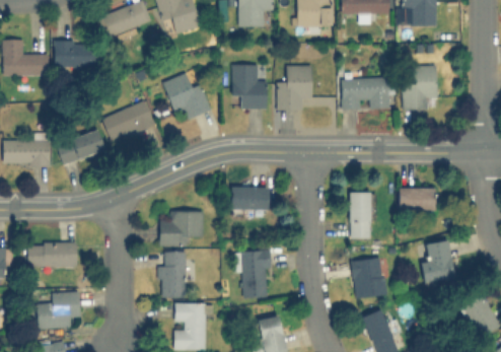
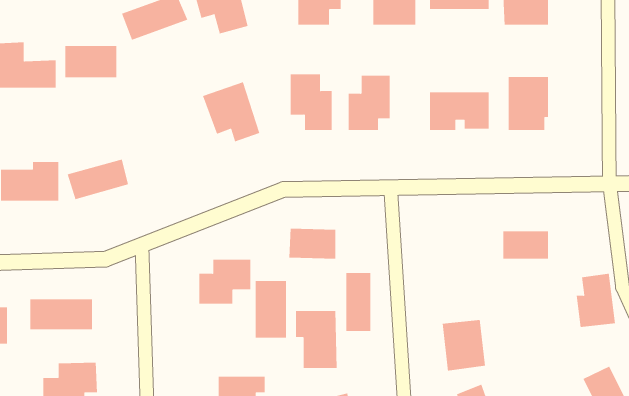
building: [102,100,155,141] -> none
building: [351,193,371,239] -> [346,272,371,332]
building: [423,241,454,284] -> [576,273,616,327]
building: [160,252,186,297] -> [255,280,287,338]

